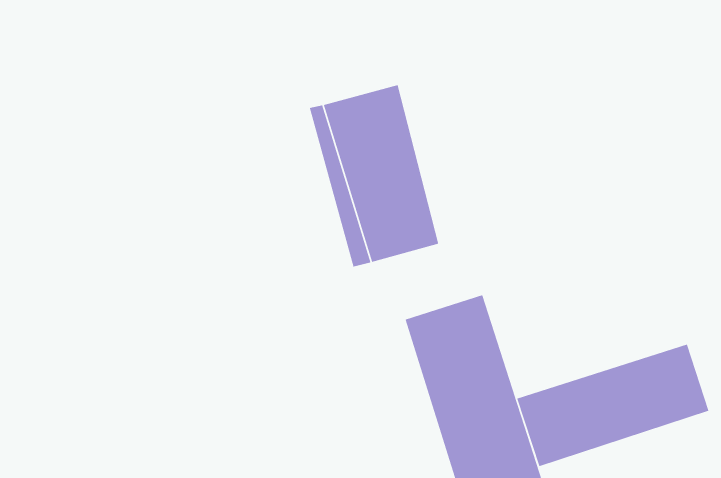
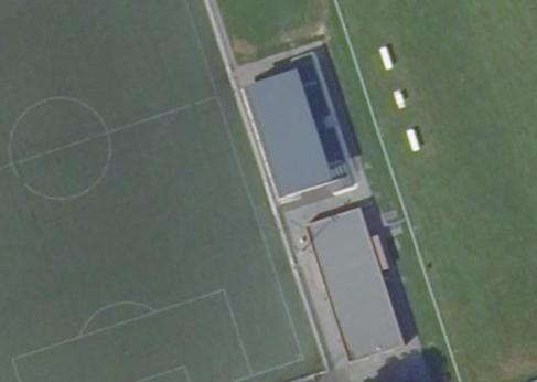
building: [516,343,709,467] -> none

